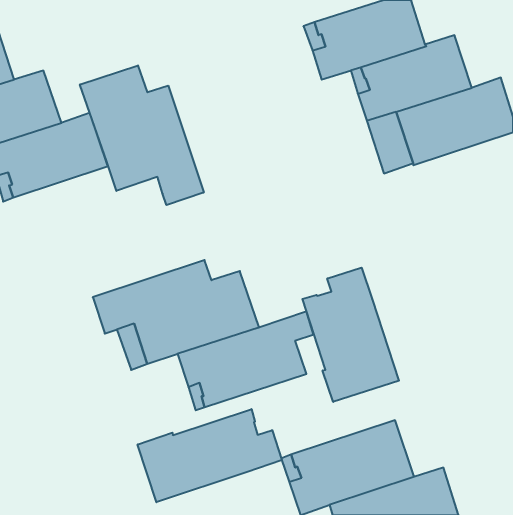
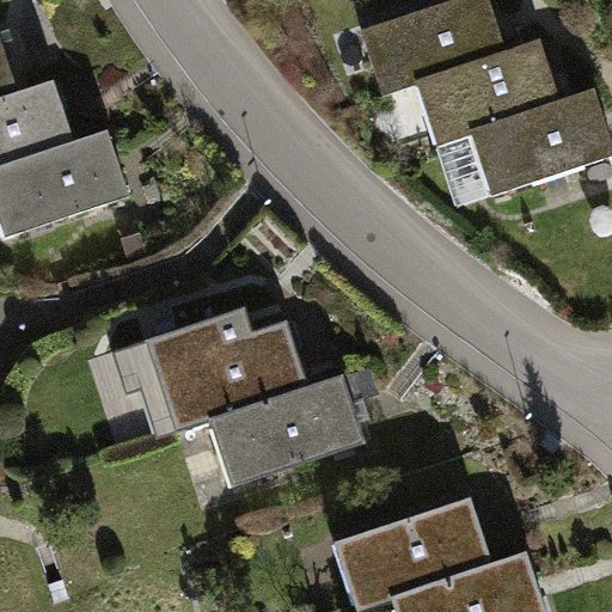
building: [80,65,204,205] -> none
building: [302,268,399,402] -> none
building: [138,409,282,502] -> none

